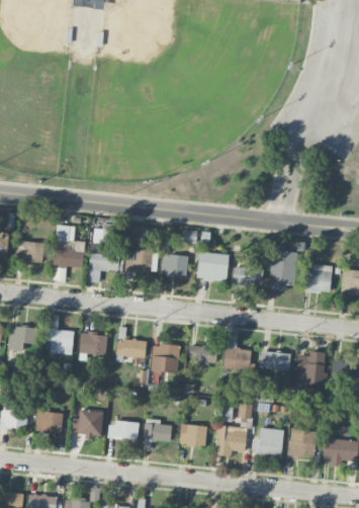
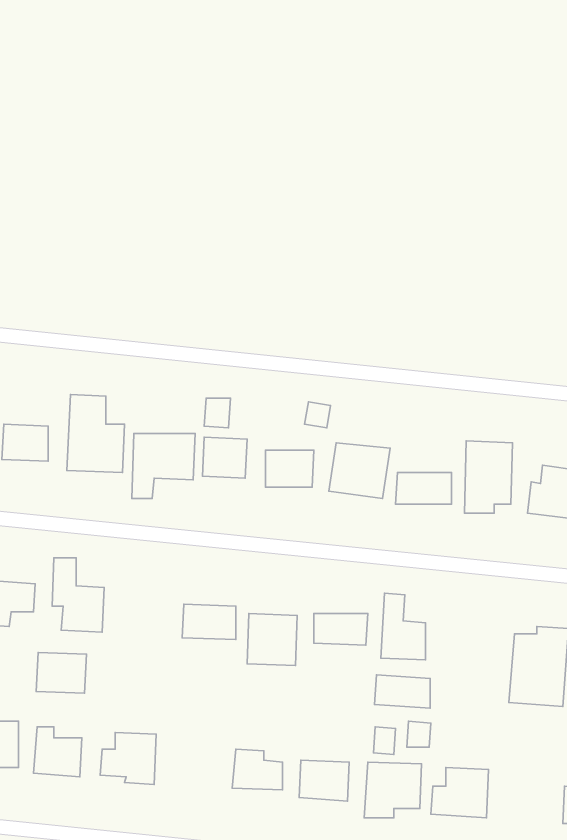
building: [80,333,107,355] -> [36,652,86,693]
building: [260,352,290,370] -> [375,675,430,708]
building: [109,420,140,441] -> none
building: [288,429,316,457] -> none

